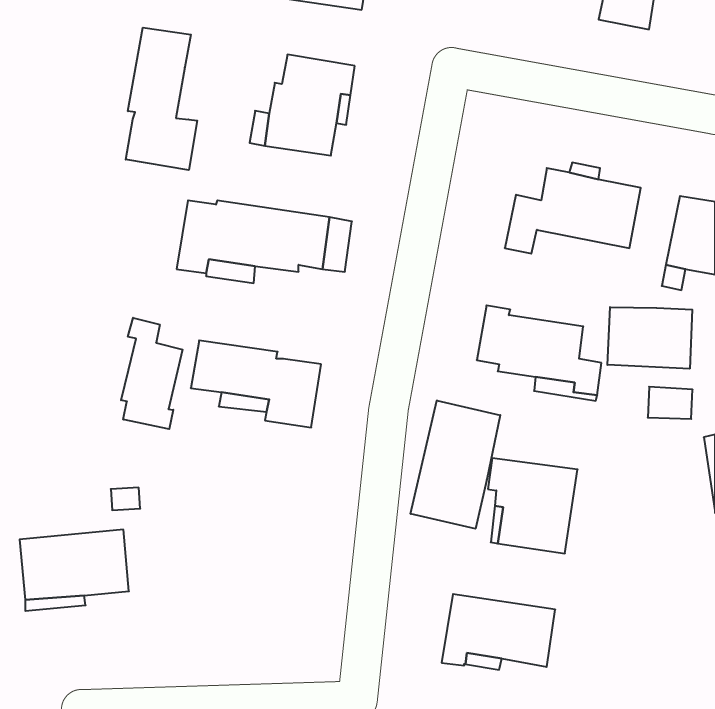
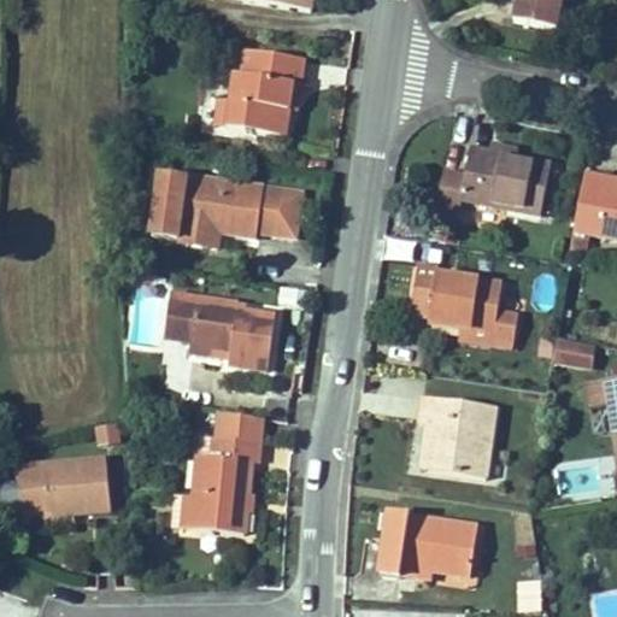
building: [126,28,197,170] -> none
building: [607,307,692,369] -> none
building: [121,318,183,429] -> none
building: [411,400,500,529] -> none
building: none -> [172,409,262,531]

